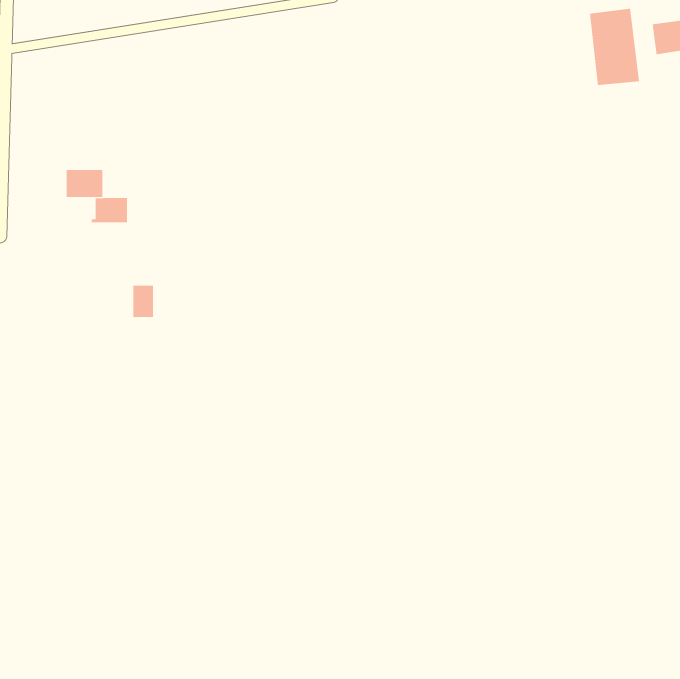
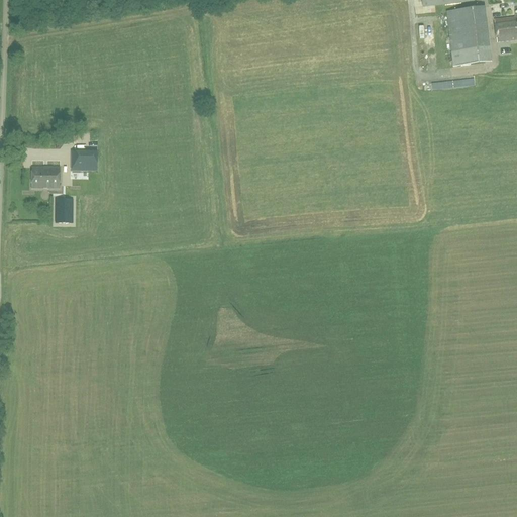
building: [66,169,103,197] -> [32,166,61,187]
building: [132,285,154,317] -> [57,198,73,222]

